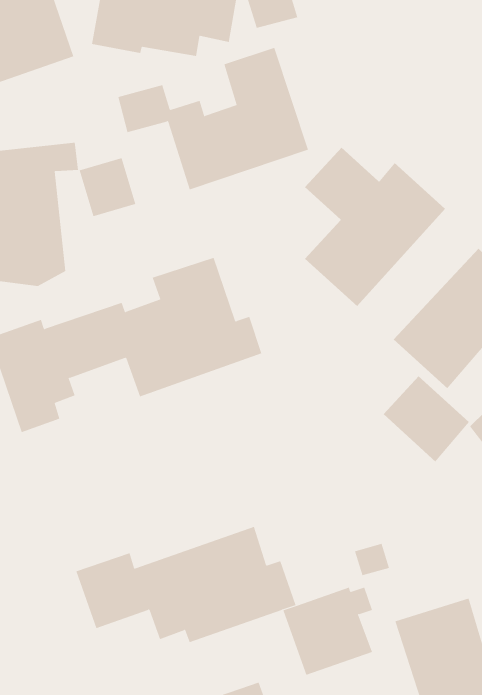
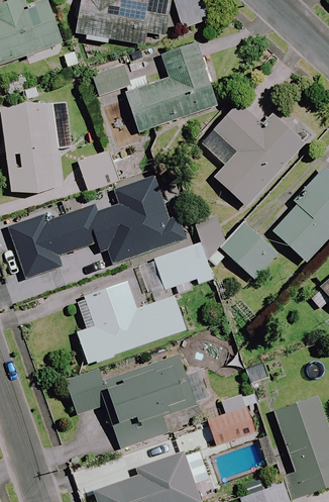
building: [79,158,136,217] -> [78,153,115,191]
building: none -> [151,239,215,292]
building: [383,375,470,462] -> [220,222,277,279]
building: none -> [76,282,186,367]

